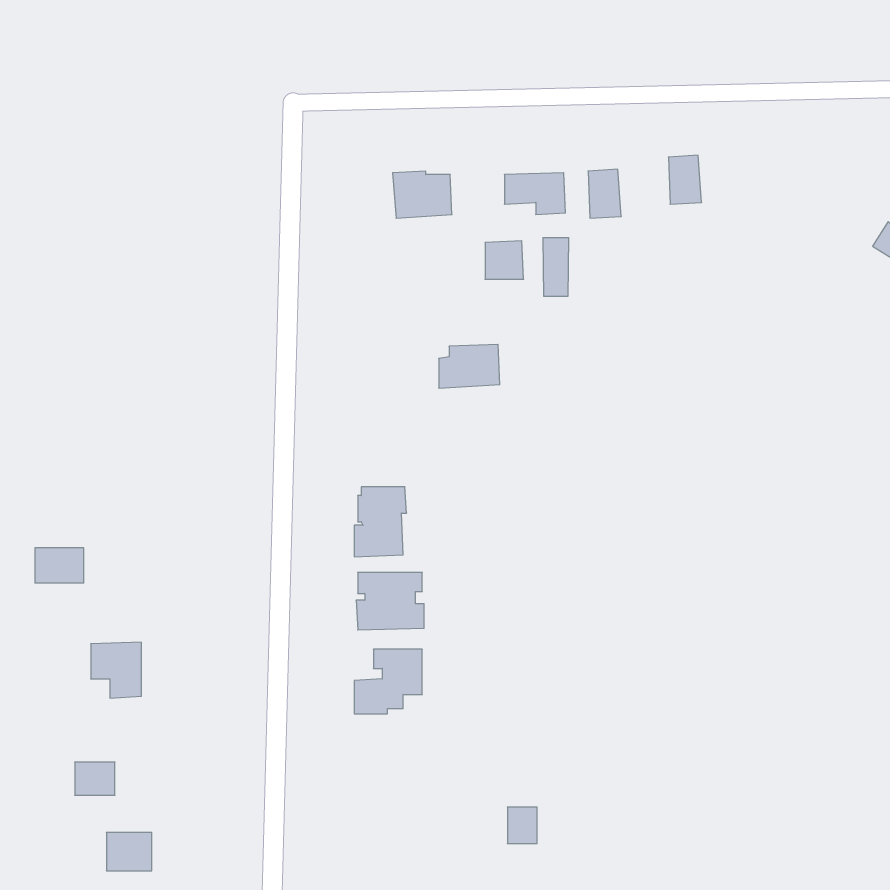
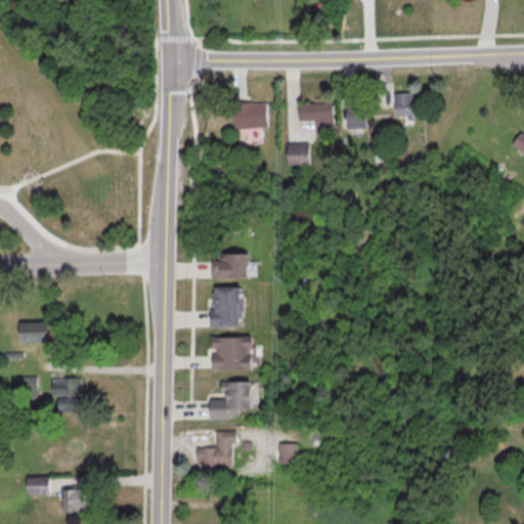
building: [543,238,569,296] -> none
building: [439,344,500,388] -> [210,253,246,278]
building: none -> [198,431,236,466]
building: [75,762,115,795] -> [28,476,51,495]
building: [507,807,537,844] -> [281,443,299,465]

